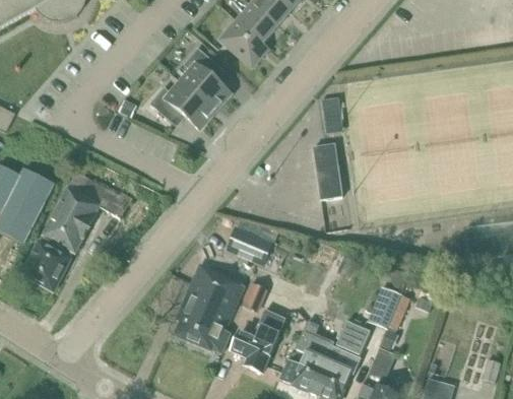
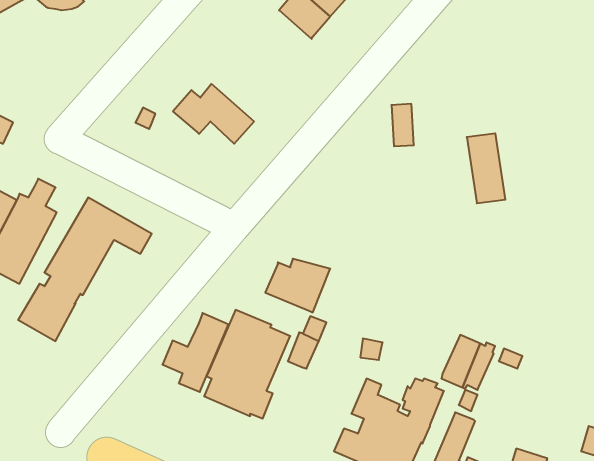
building: [218,20,268,67] -> none
building: [180,47,230,111] -> none
building: [312,142,343,199] -> [467,133,505,203]
building: [232,308,285,372] -> [162,313,229,392]

